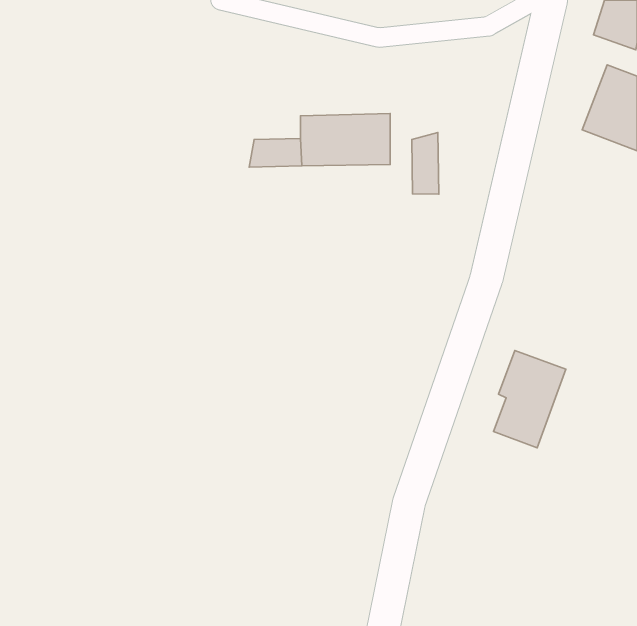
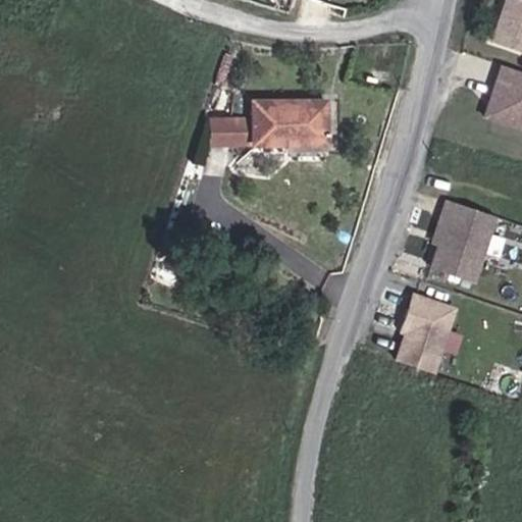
building: [412,133,439,194] -> none
building: none -> [435,199,500,280]

